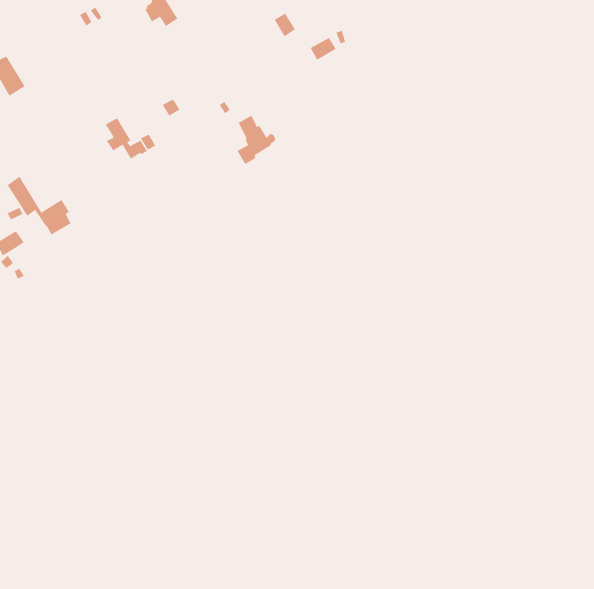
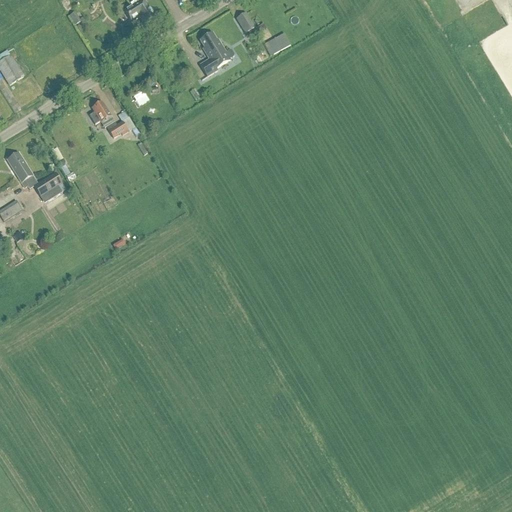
building: [237,115,276,165] -> [198,32,232,75]

